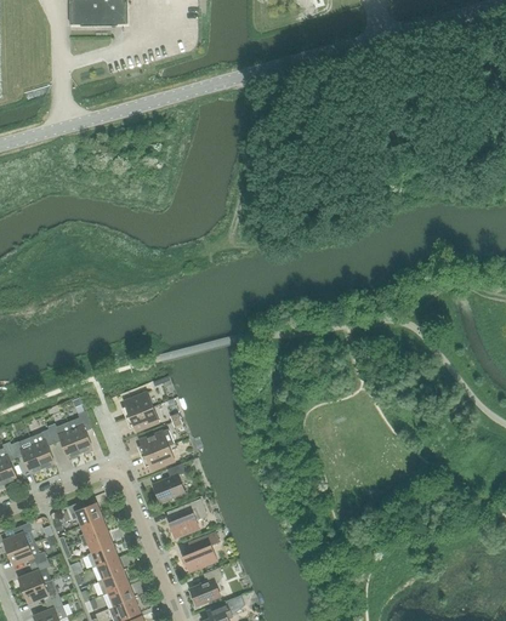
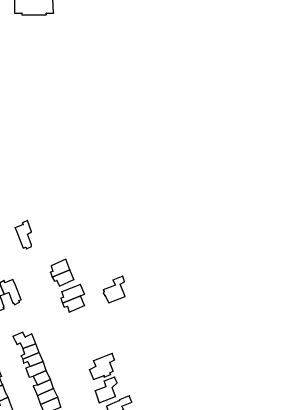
building: [67,410,91,452] -> [15,220,31,249]
building: [152,462,184,502] -> [103,276,125,303]
building: [166,497,206,537] -> none

